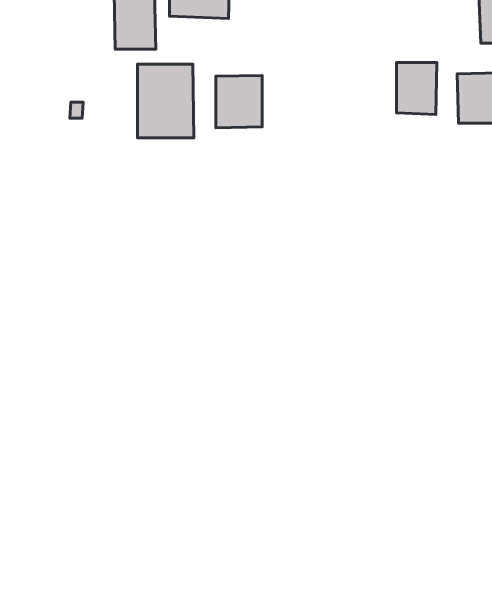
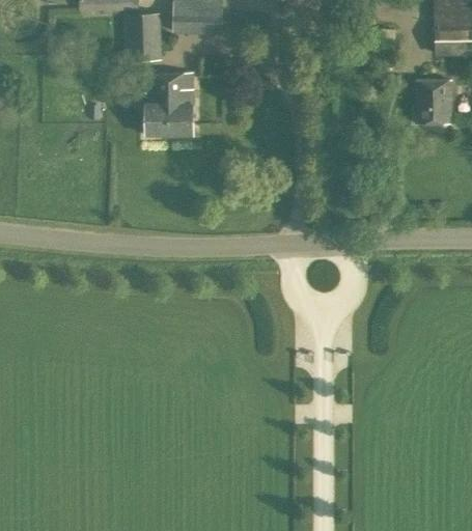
building: [396,63,437,114] -> none
building: [216,75,262,128] -> none

